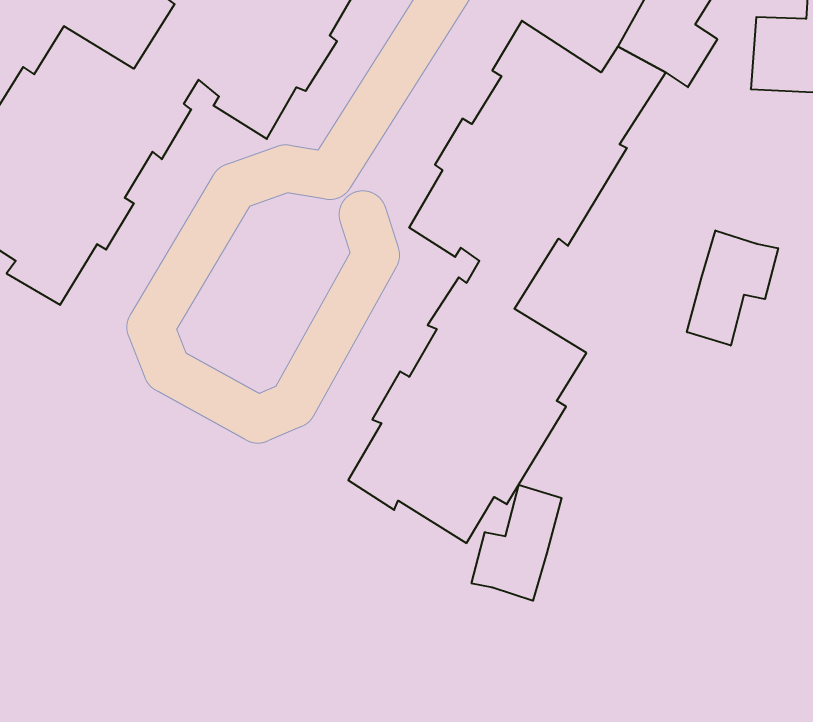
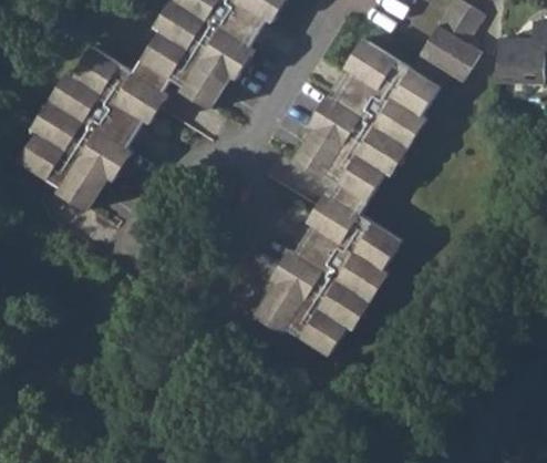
building: [687,230,778,346] -> none
building: [472,485,562,601] -> none

